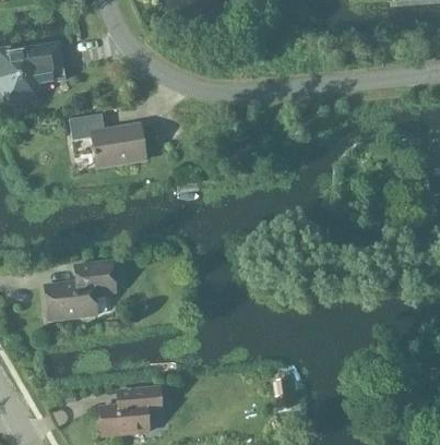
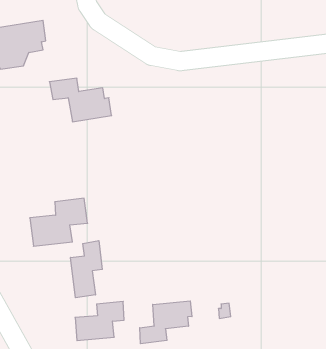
building: none -> [71,241,102,298]
building: none -> [140,301,192,344]

